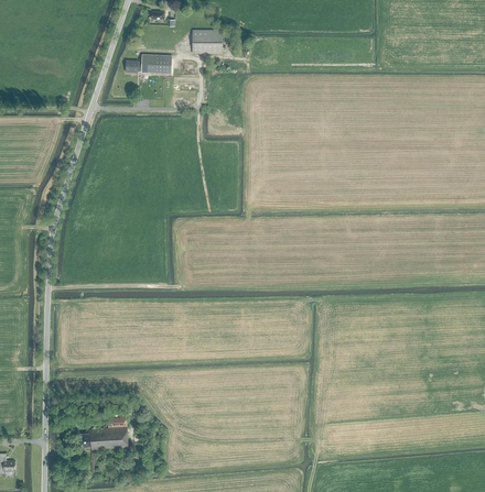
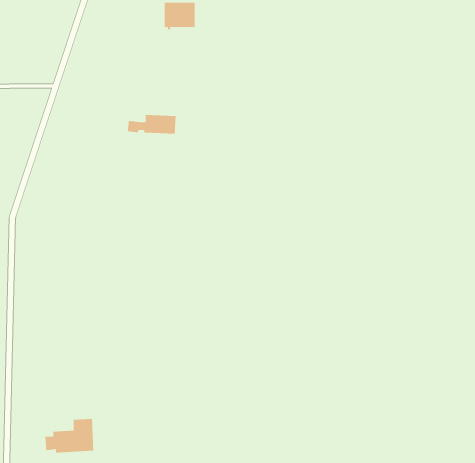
building: [125,54,171,73] -> [127,114,177,134]

